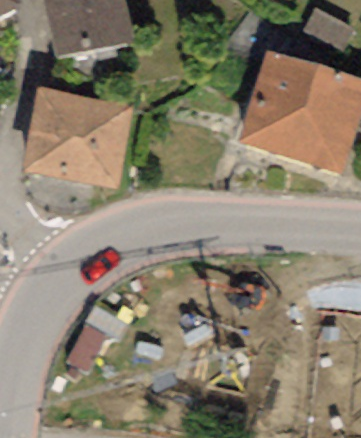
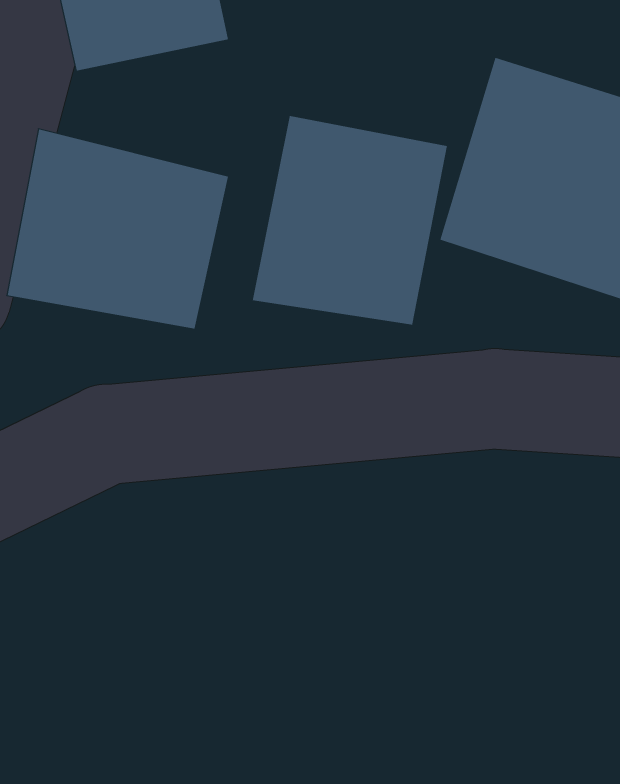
building: none -> [252,115,448,326]

